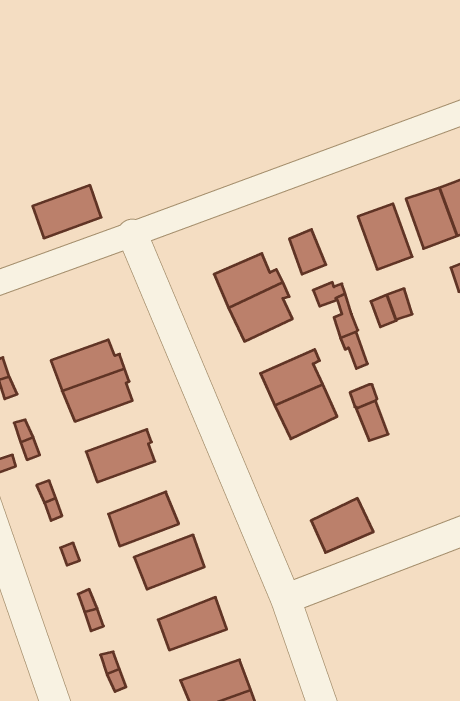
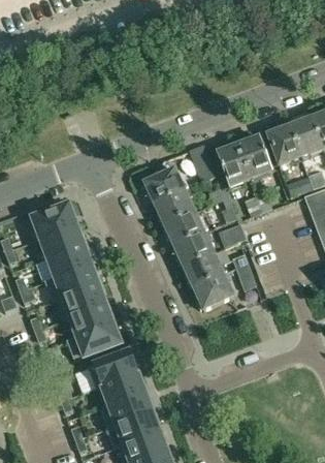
building: [33,185,101,238] -> [31,204,75,238]
building: none -> [216,145,249,187]
building: none -> [163,211,208,246]
building: none -> [54,264,100,297]
building: none -> [68,303,116,337]
building: [311,498,373,553] -> [193,274,233,309]
building: none -> [100,371,144,405]
building: none -> [115,411,160,444]

